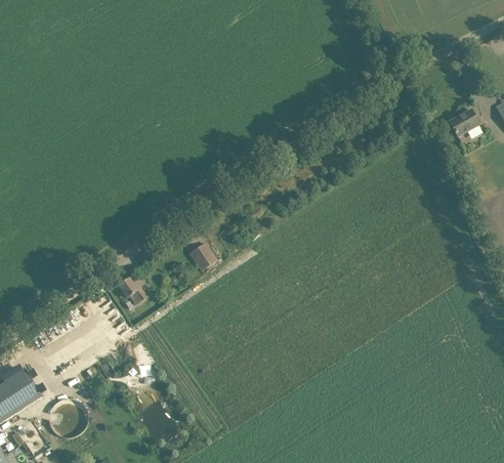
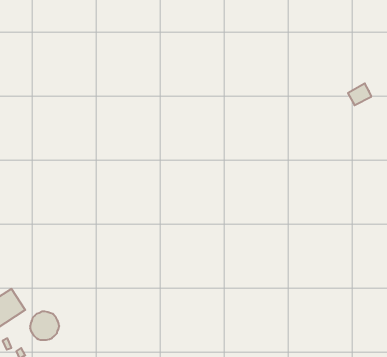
building: [190,243,216,271] -> none
building: [118,279,148,305] -> none

